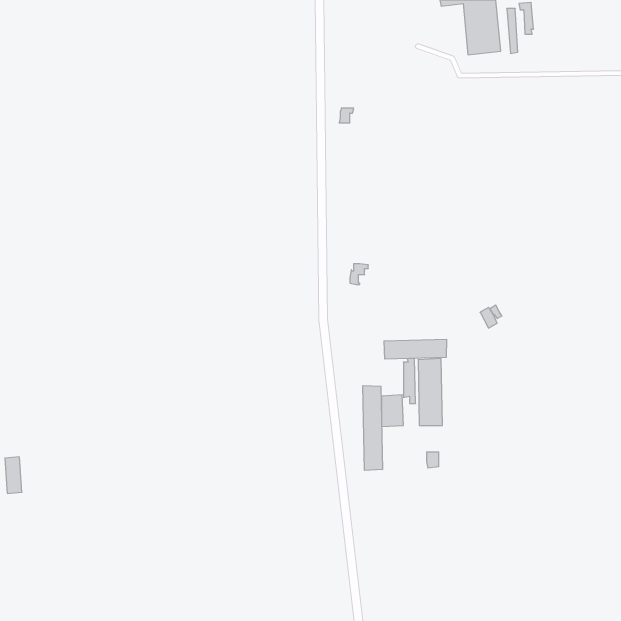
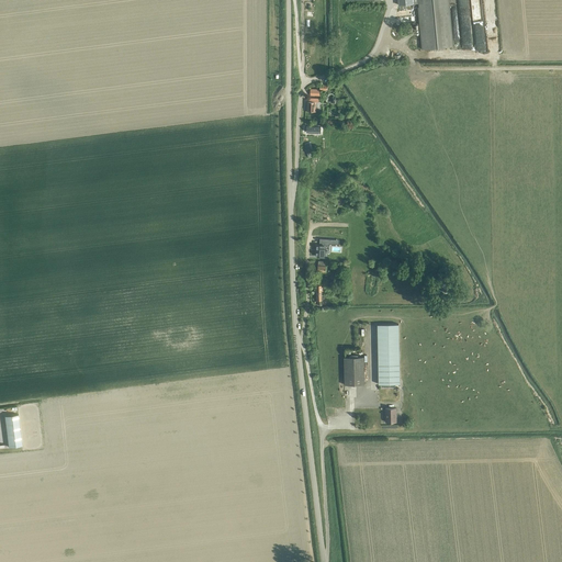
building: [384,339,447,359] -> none
building: [363,386,382,470] -> none

